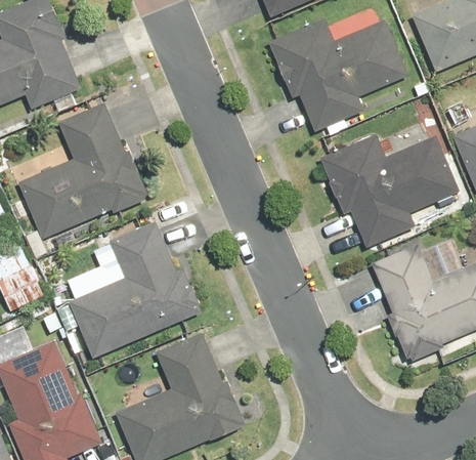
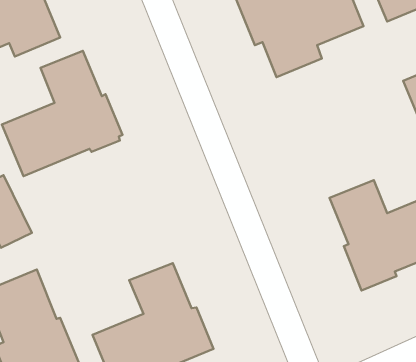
building: [319,133,460,246] -> none
building: [68,221,202,358] -> none

